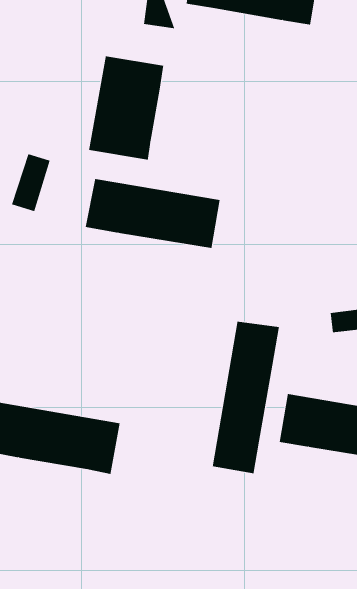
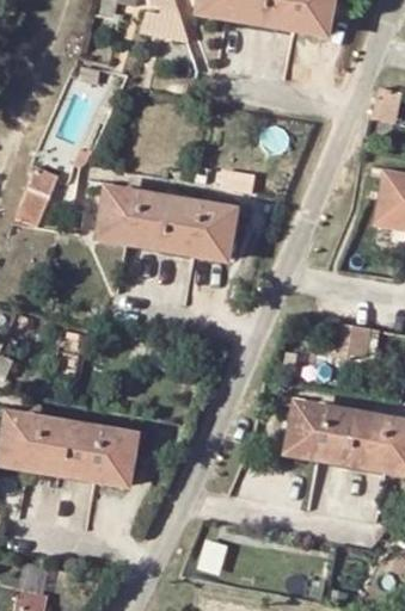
building: [88,56,164,161] -> none
building: [212,321,279,474] -> none

